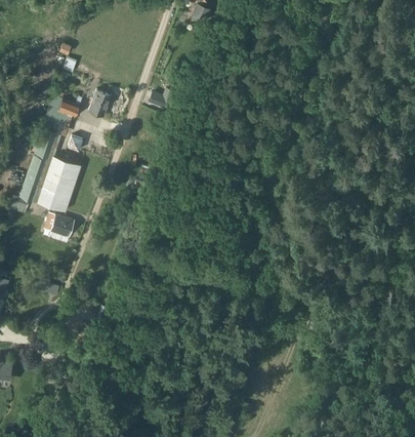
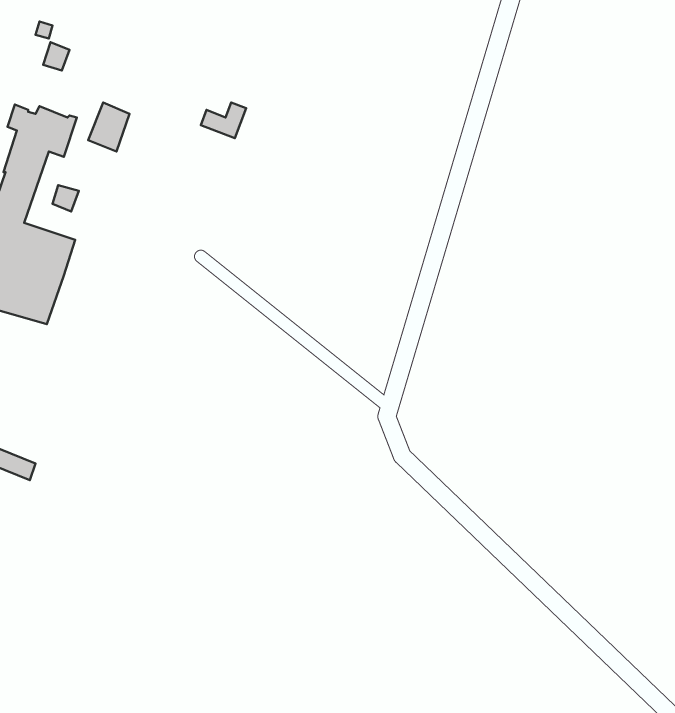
building: [45,212,75,237] -> none

